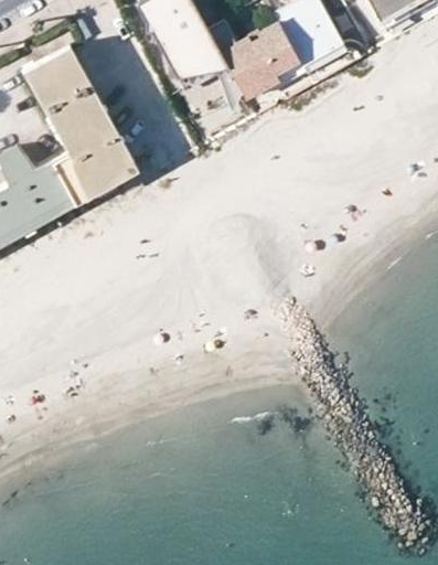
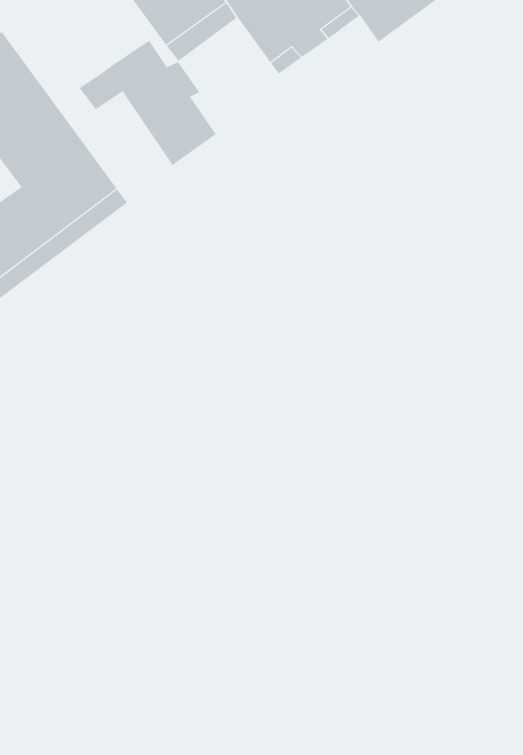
building: none -> [79,40,217,166]

